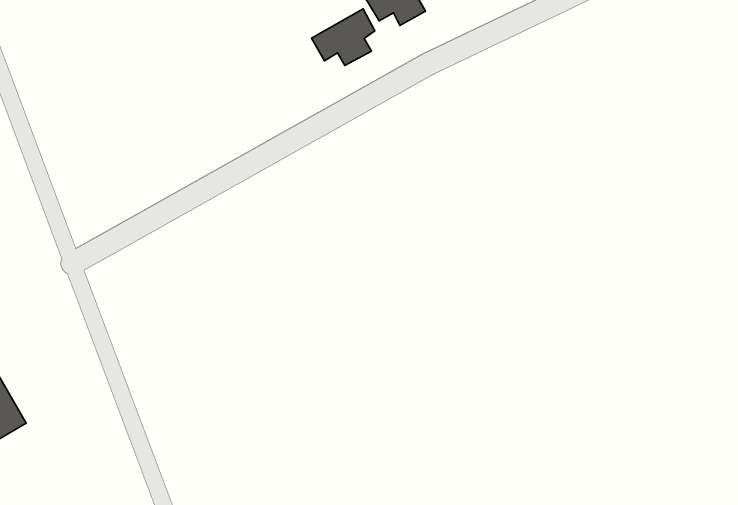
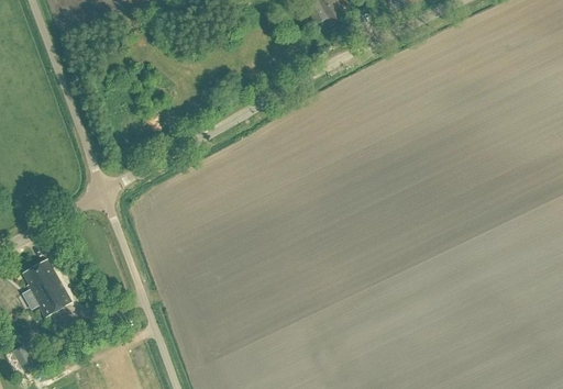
building: [311,9,375,66] -> none

